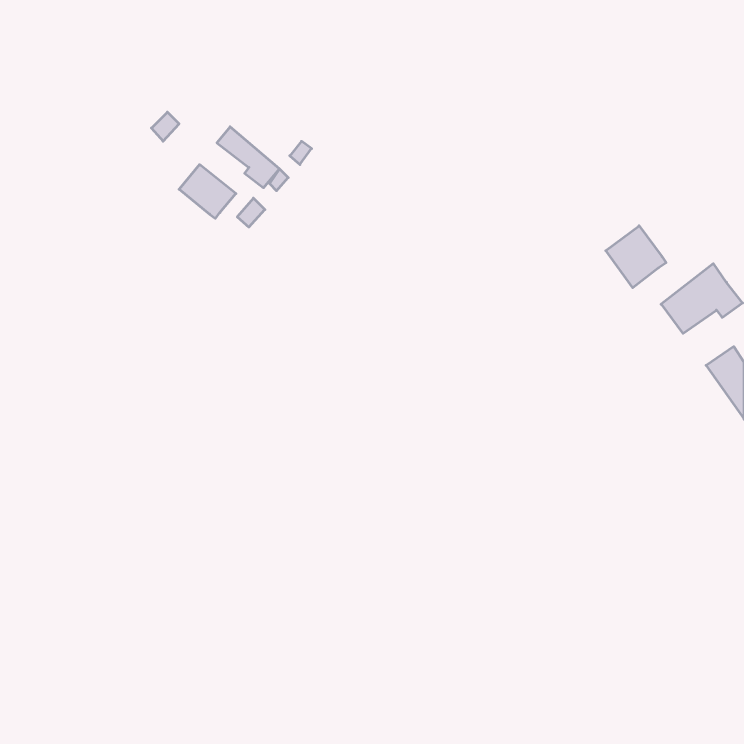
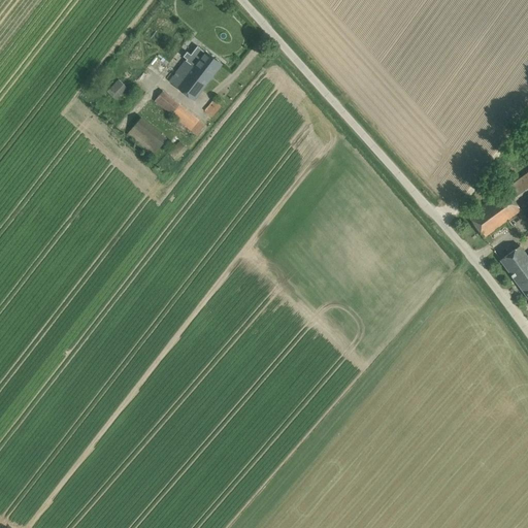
building: none -> [170,45,222,99]
building: [606,226,666,288] -> none

